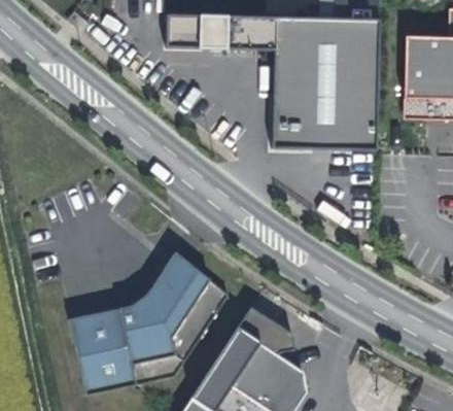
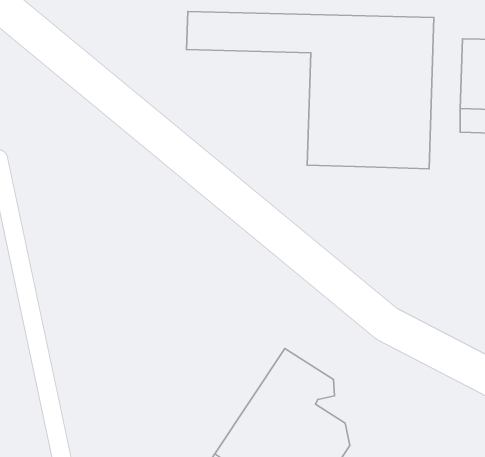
building: [70,250,229,395] -> none

